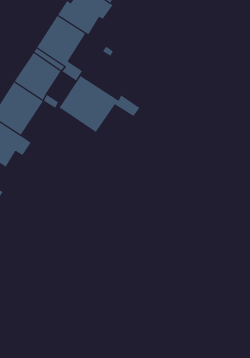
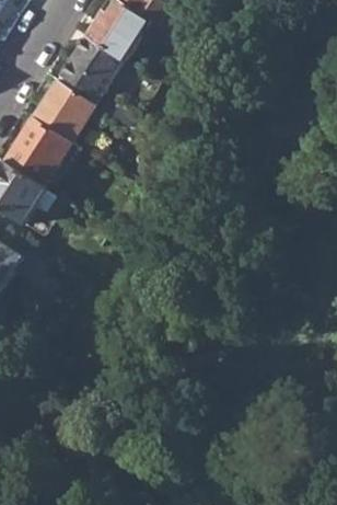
building: [59,75,140,133] -> none

